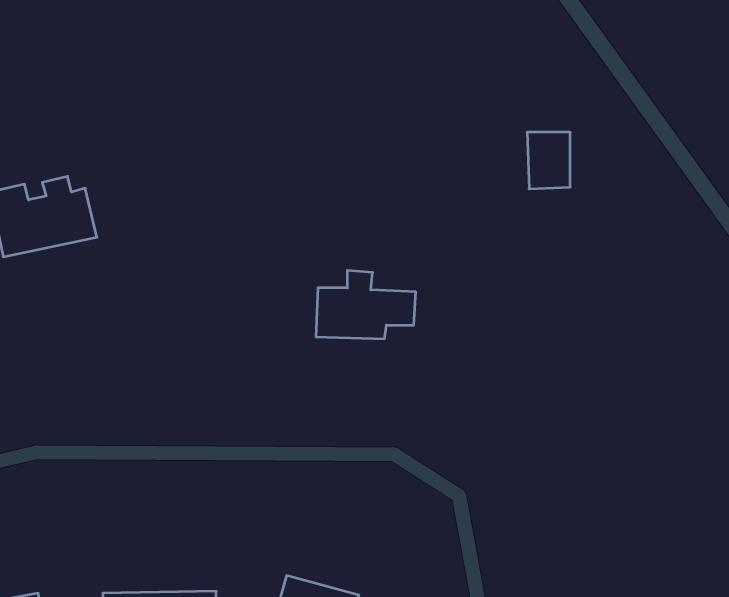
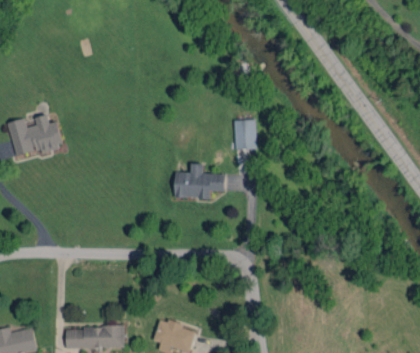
building: [527,132,570,189] -> [234,120,256,149]

